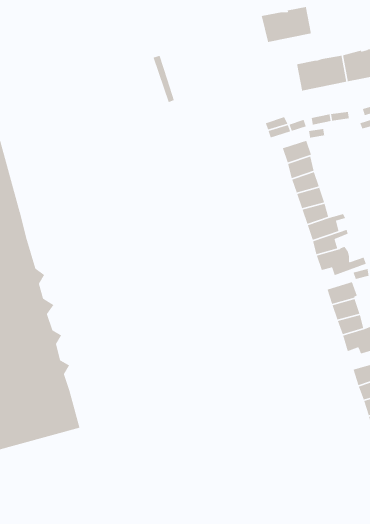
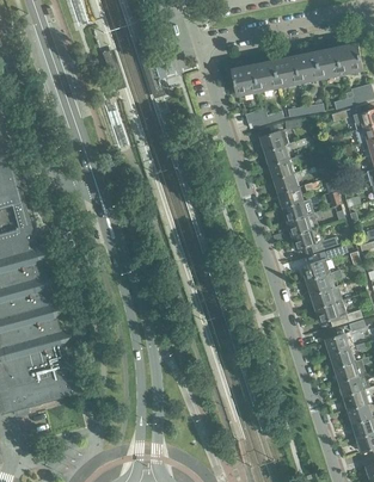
building: [261,6,312,43] -> [232,61,278,94]

